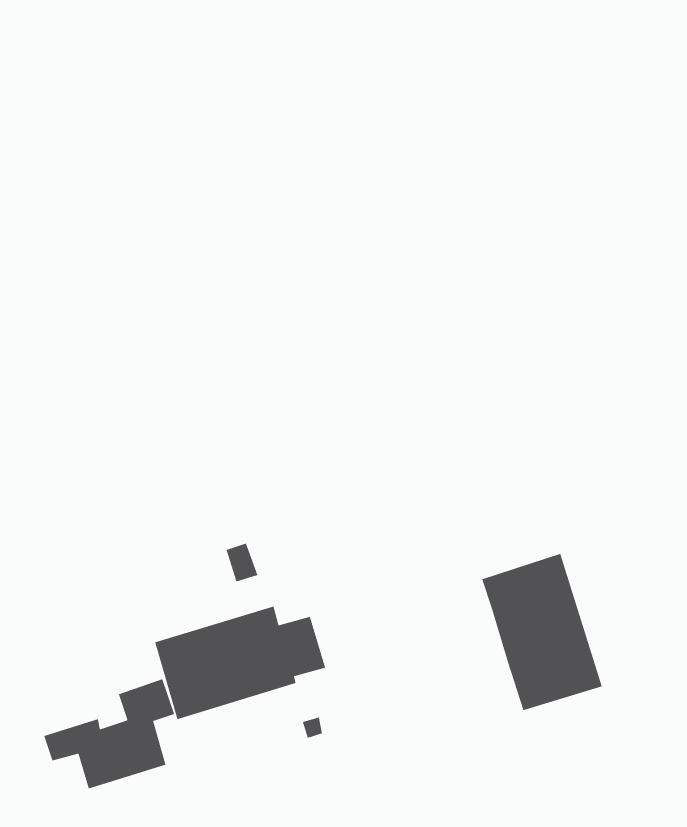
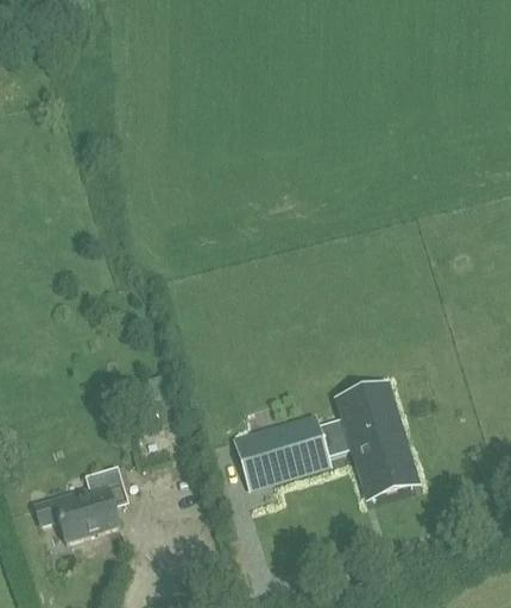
building: [154,605,326,720] -> [234,412,352,490]

